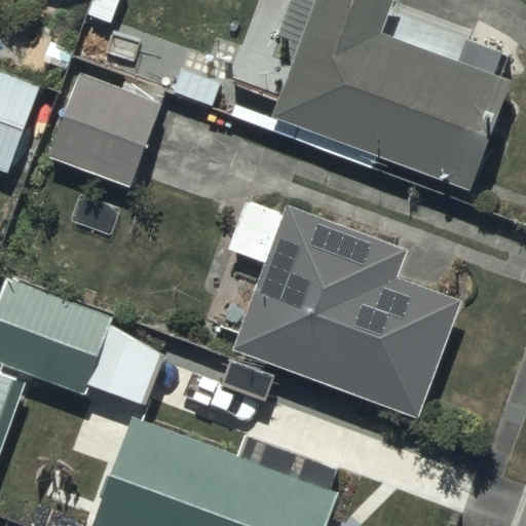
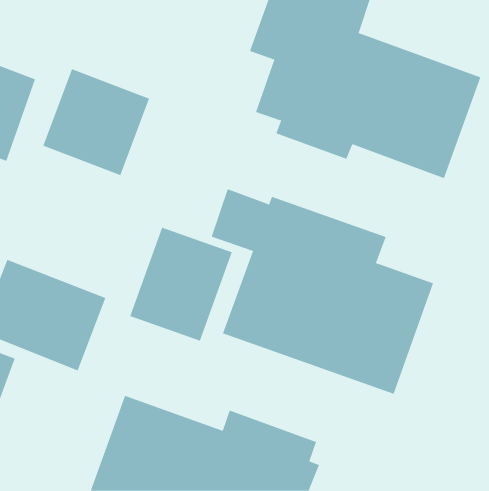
building: none -> [130,227,232,341]

